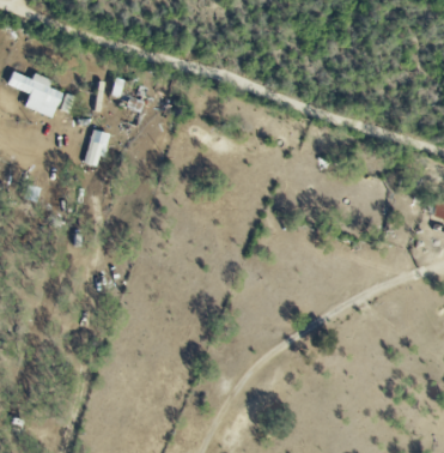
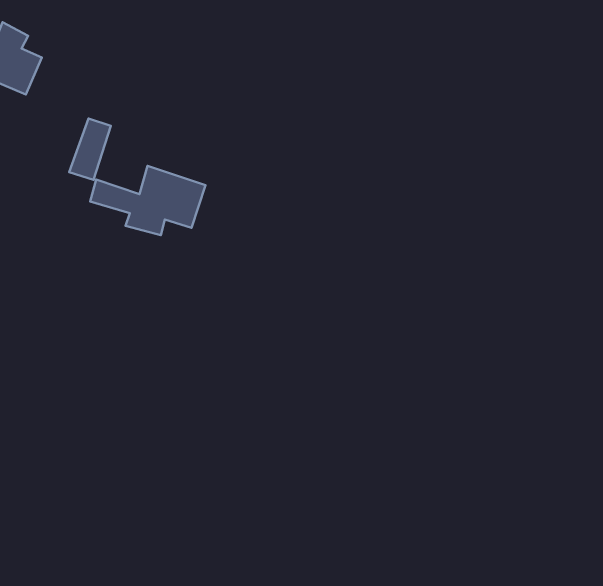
building: none -> [90,166,205,235]

